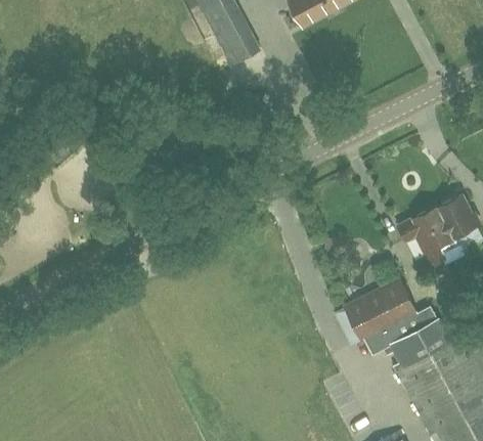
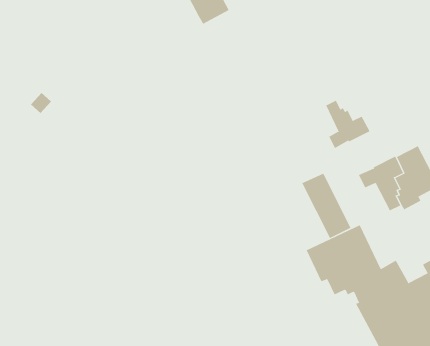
building: none -> [325,100,370,149]
building: none -> [301,173,351,239]

